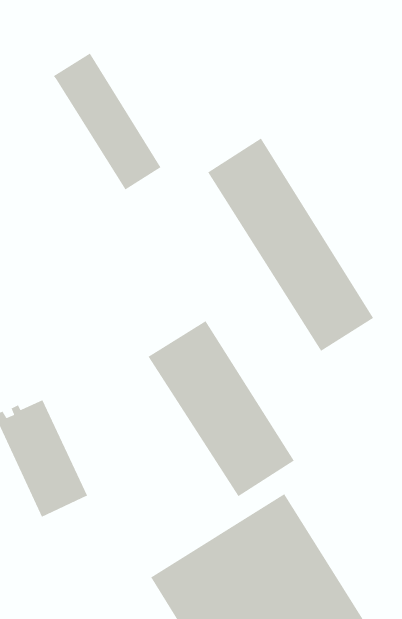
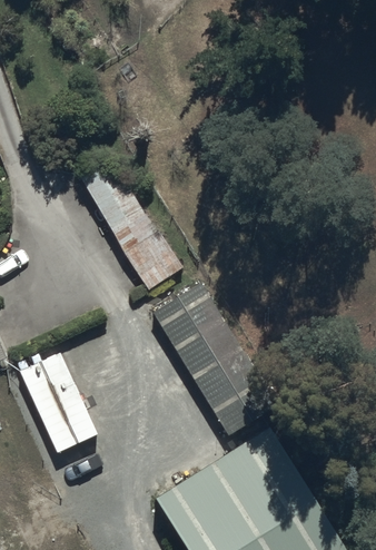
building: [53,52,161,191] -> [85,169,178,288]
building: [207,137,374,352] -> none

